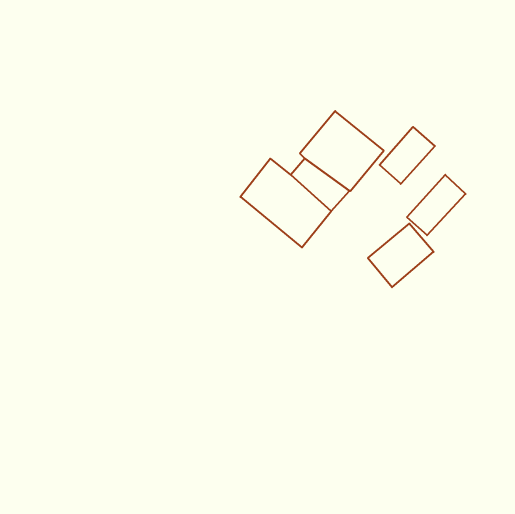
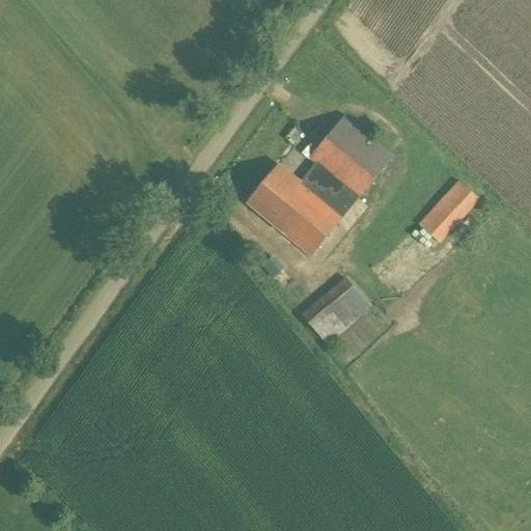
building: [380,127,435,184] -> none
building: [368,224,434,287] -> [302,278,369,343]

